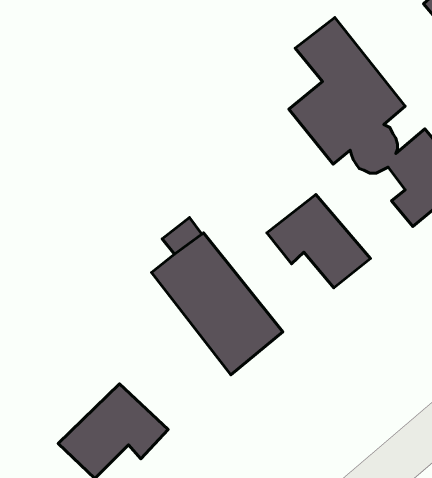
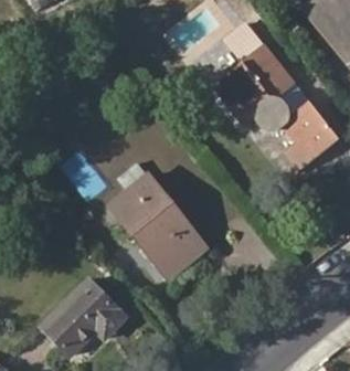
building: [267,195,371,288] -> none

